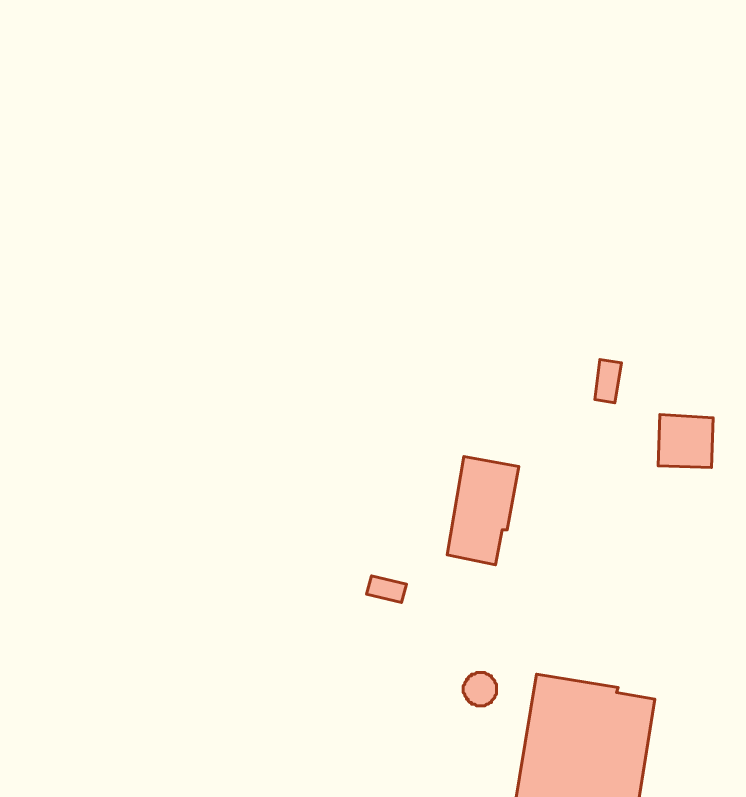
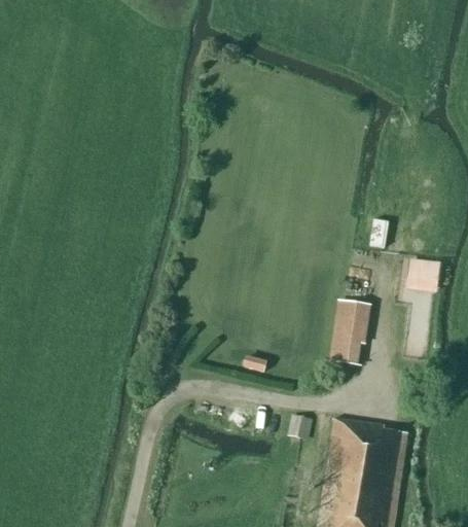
building: [447,456,519,565] -> [328,300,372,366]

